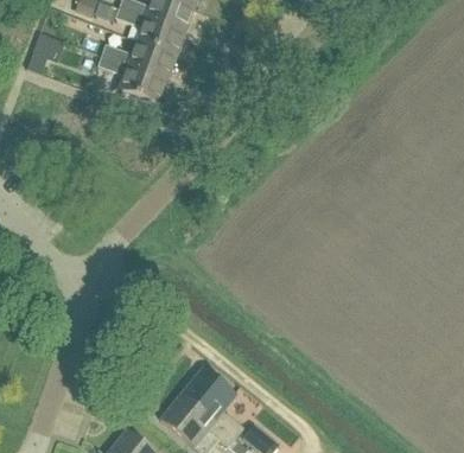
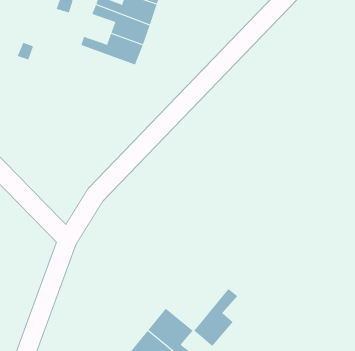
building: [97,55,167,104] -> none
building: none -> [193,288,238,347]

